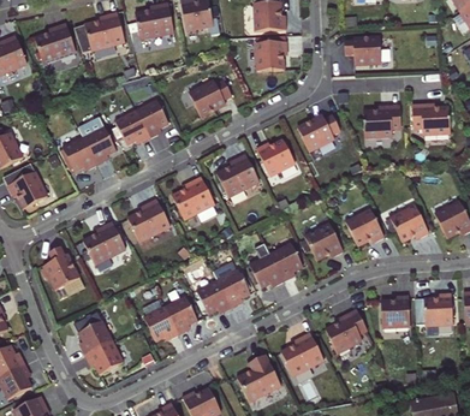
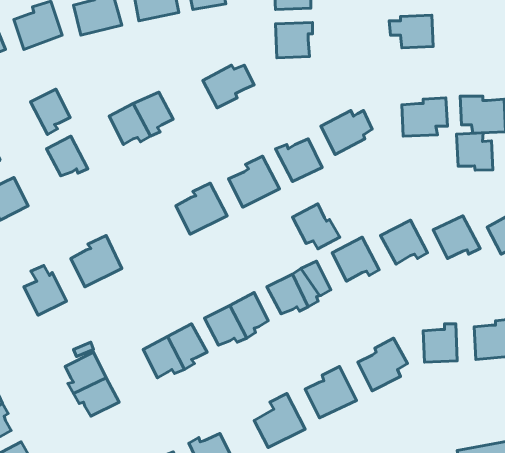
building: [82,126,115,165] -> [30,89,70,135]
building: none -> [457,133,493,170]
building: none -> [292,204,340,249]
building: [126,198,169,242] -> none

